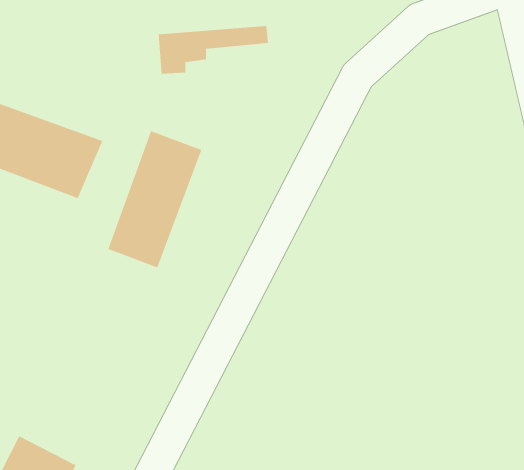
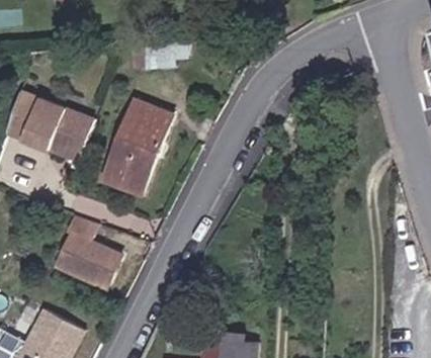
building: none -> [52,209,117,288]

